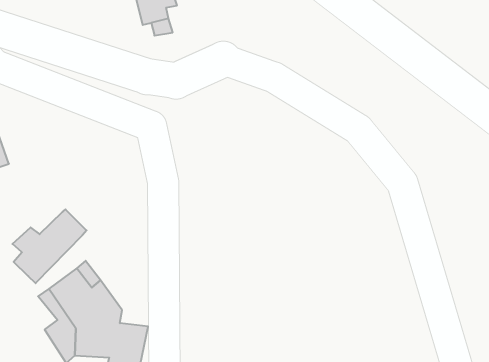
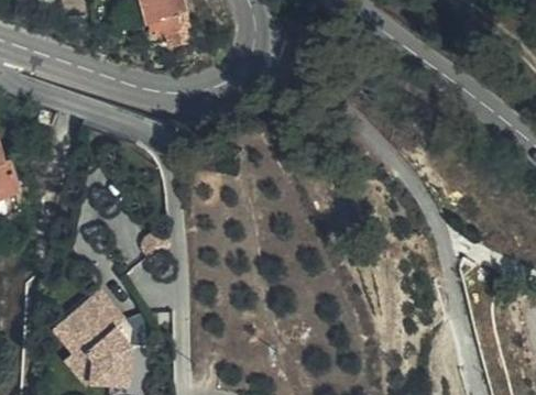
building: [12,209,87,283] -> none

